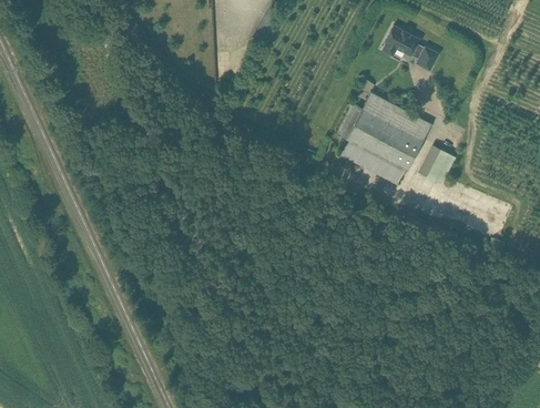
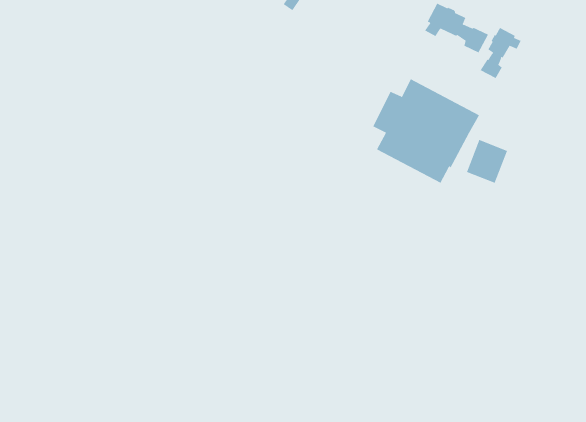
building: none -> [480,27,521,79]

